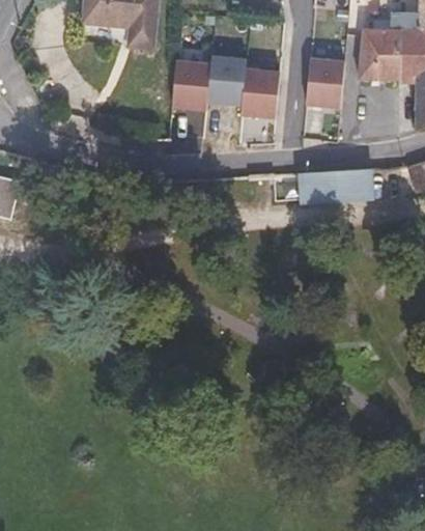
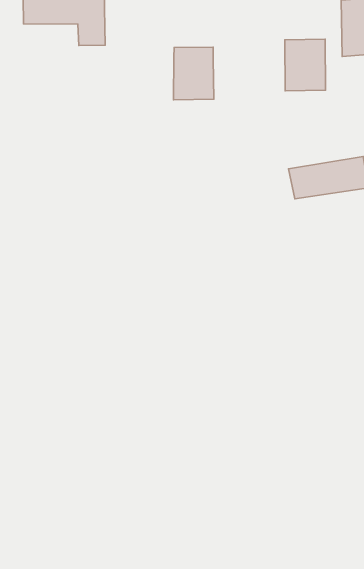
building: [171,62,210,111] -> none
building: [240,71,279,119] -> none

